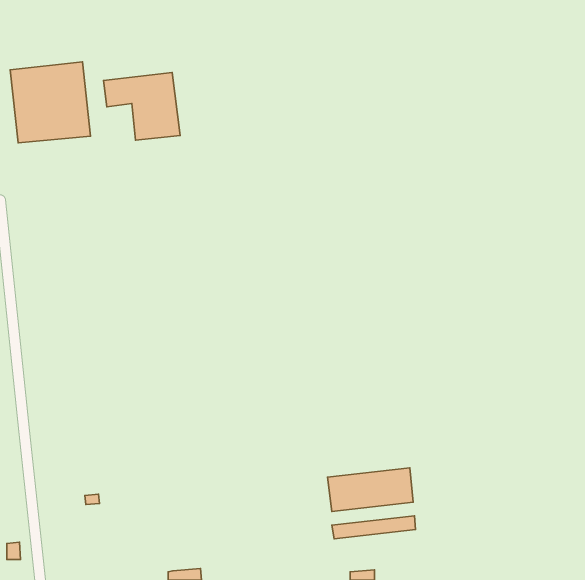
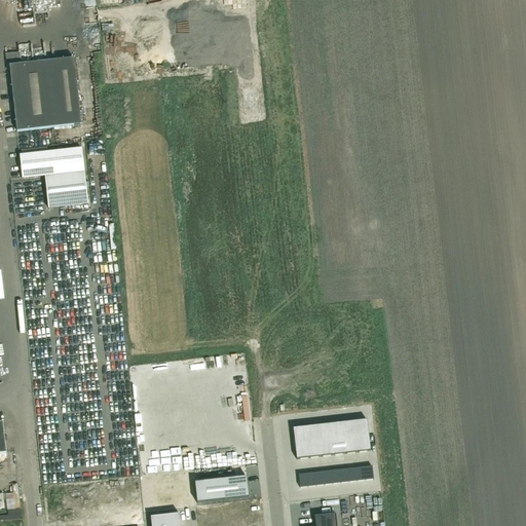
building: [103,73,180,140] -> [20,145,88,205]
building: none -> [193,475,249,501]

